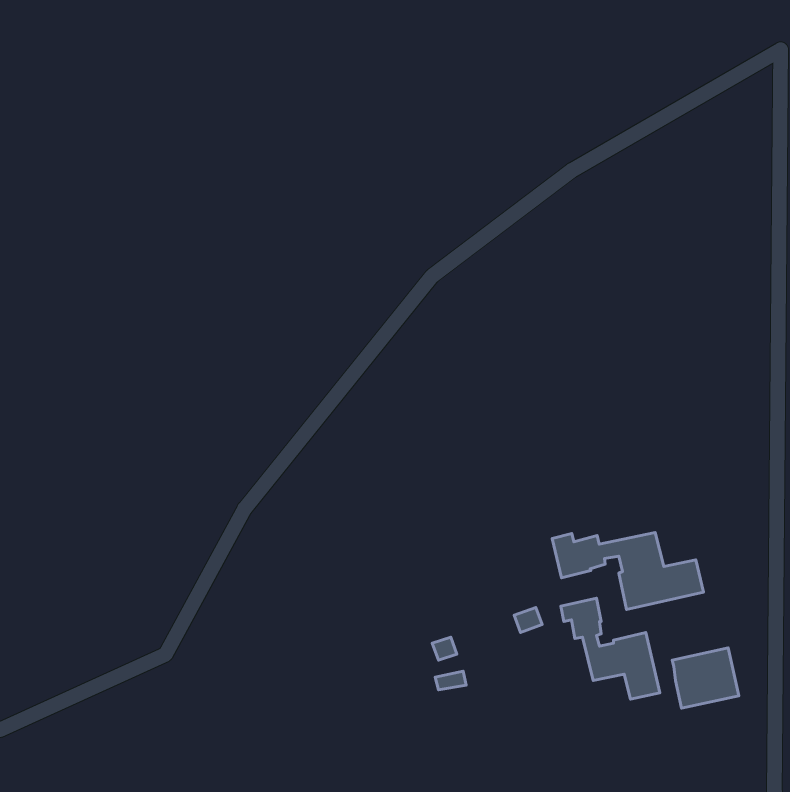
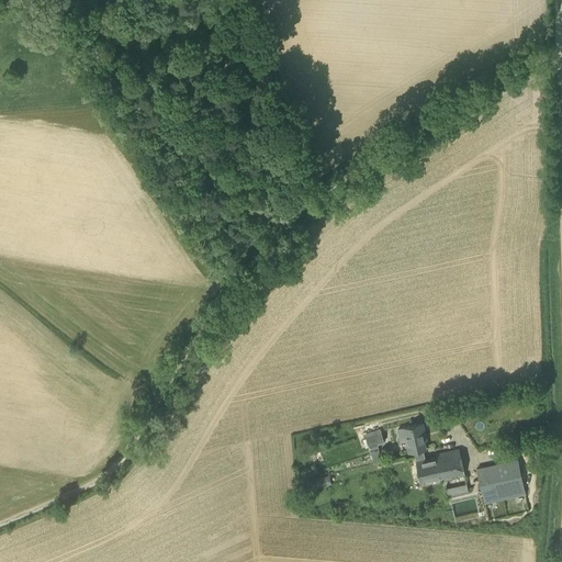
building: [552,533,704,609] -> none

